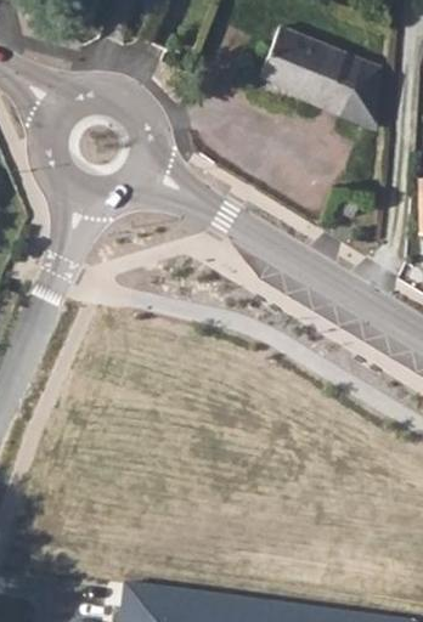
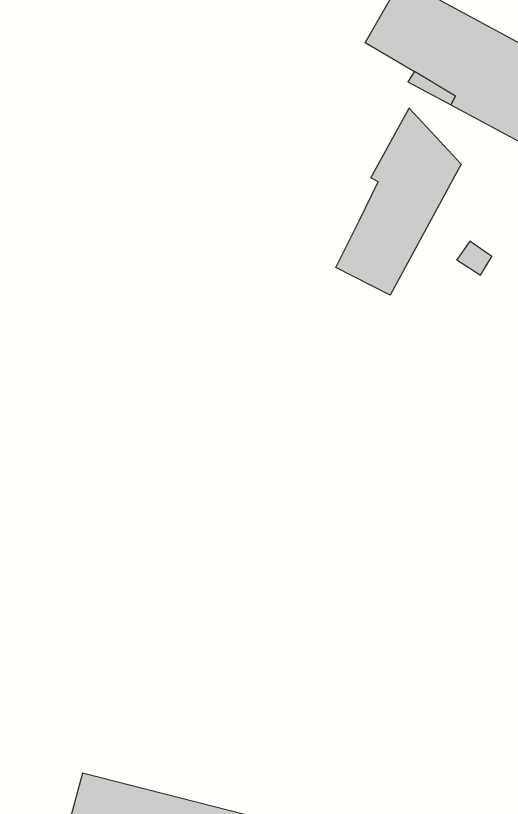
building: none -> [336,108,461,295]

